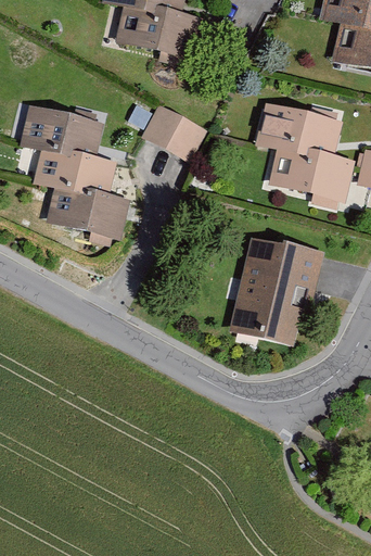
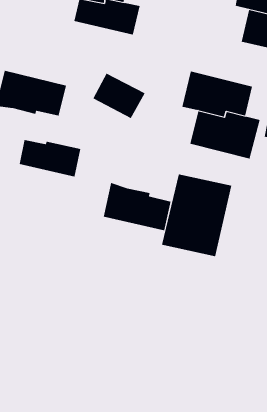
building: [33,150,115,194] -> none
building: none -> [103,182,171,231]

